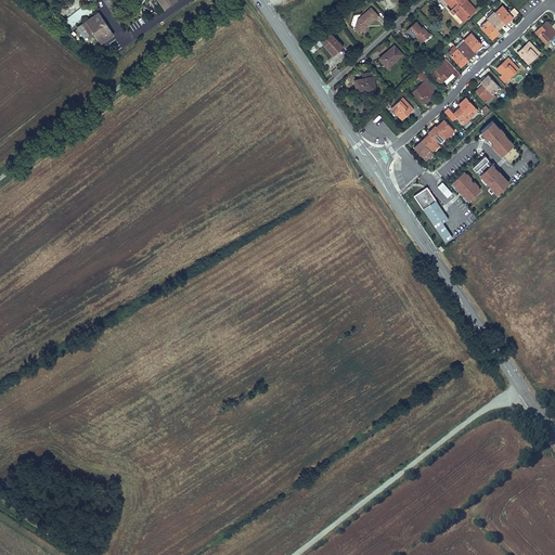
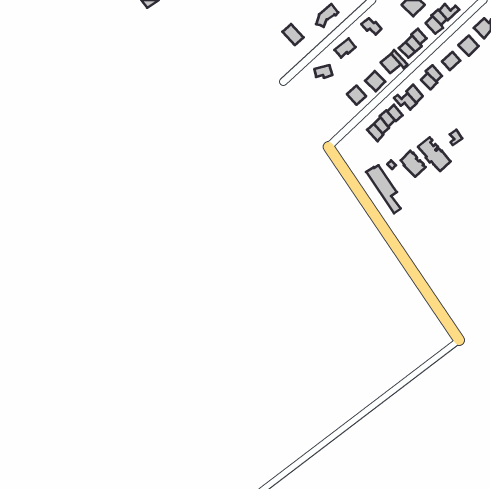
building: [78,14,115,44] -> none
building: [480,121,513,156] -> none

